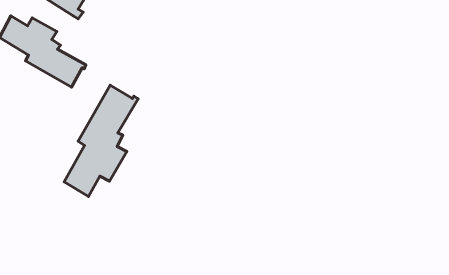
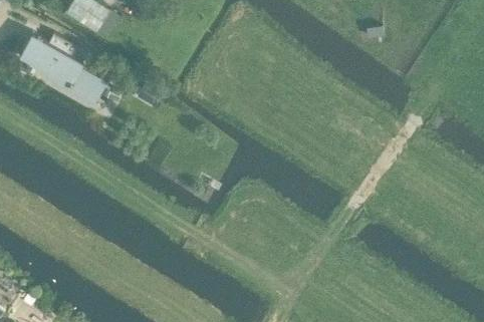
building: [64,85,138,197] -> none

